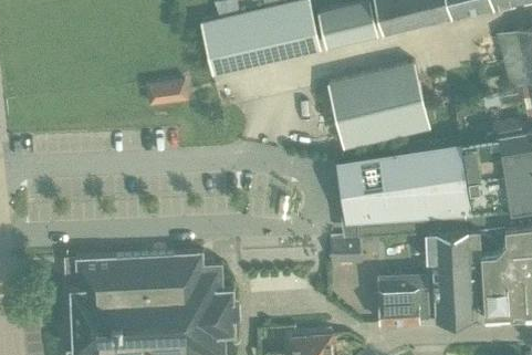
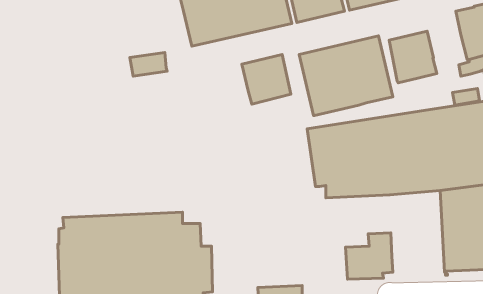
building: none -> [389,31,437,83]
building: none -> [242,55,291,104]
building: [426,229,484,322] -> none
building: [331,240,359,264] -> none

